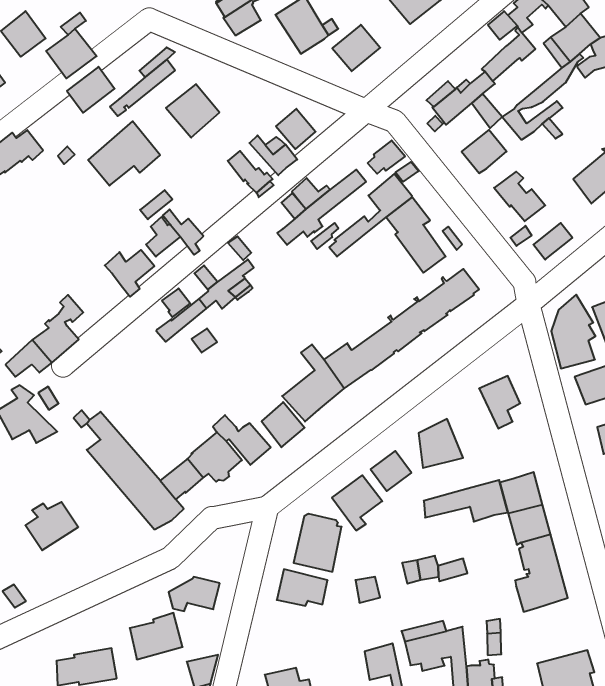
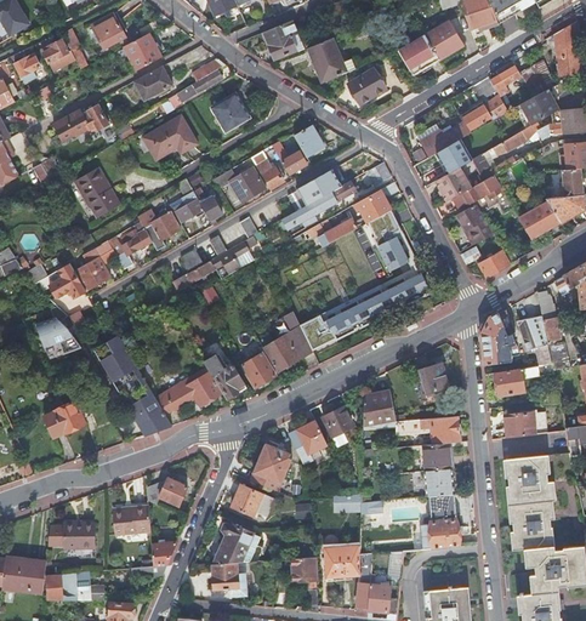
building: none -> [453,175,503,207]
building: none -> [214,167,264,200]
building: none -> [74,165,121,218]
building: none -> [108,229,152,268]
building: [424,480,508,522] -> [394,415,460,444]
building: none -> [214,524,260,564]

